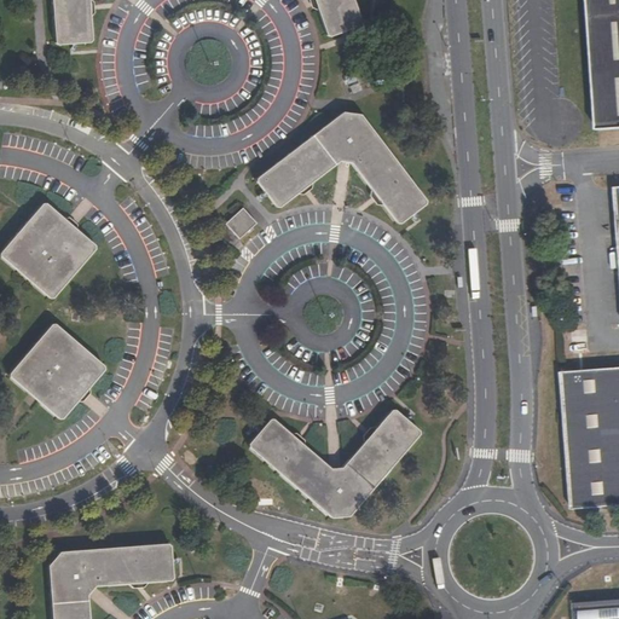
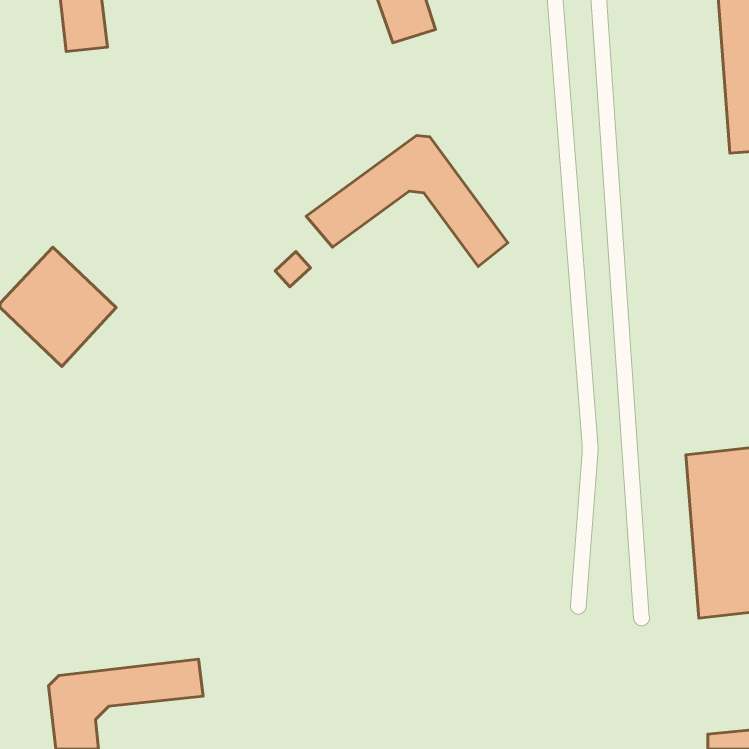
building: [8,325,106,417] -> none
building: [250,410,420,519] -> none

